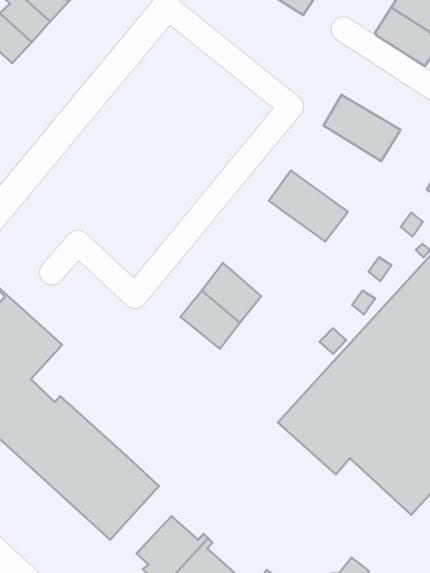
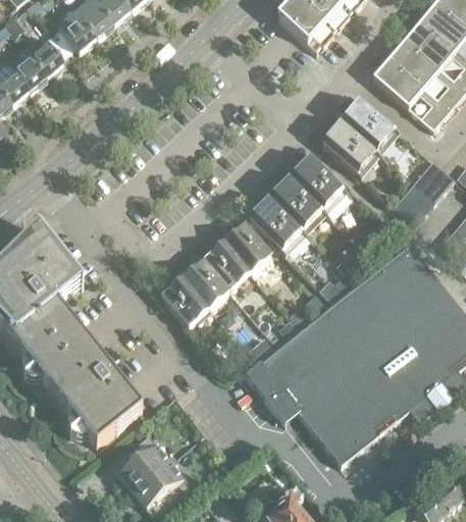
building: none -> [338,96,400,155]
building: none -> [288,153,352,218]
building: none -> [246,195,306,255]
building: none -> [221,219,269,270]
building: none -> [160,276,208,325]

